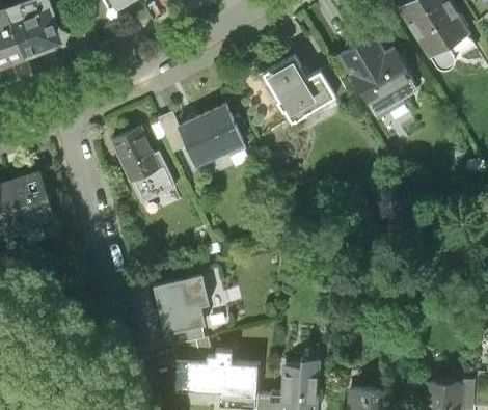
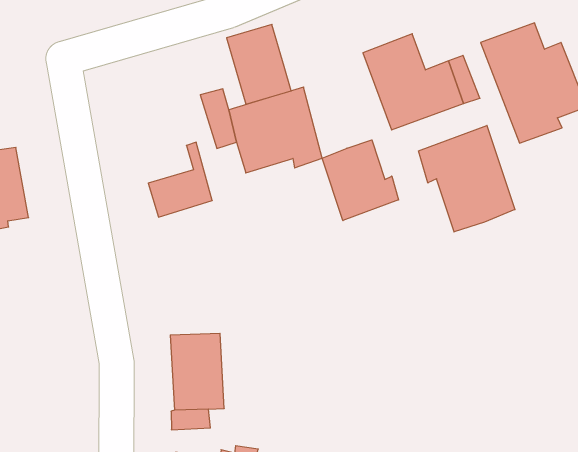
building: none -> [418,125,515,232]
building: [111,128,160,184] -> [227,24,291,104]
building: none -> [322,140,399,221]

